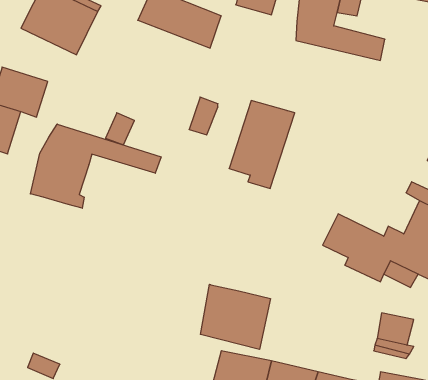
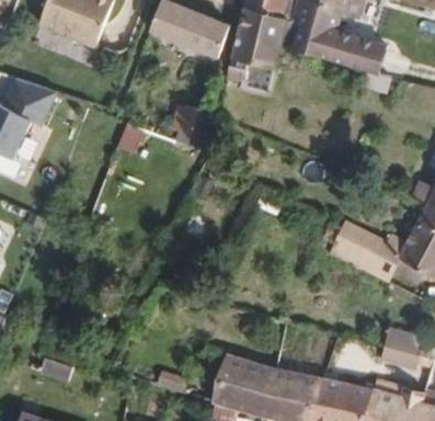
building: [229,101,295,188] -> [219,13,284,100]
building: [30,124,161,208] -> none
building: [200,284,270,349] -> none

